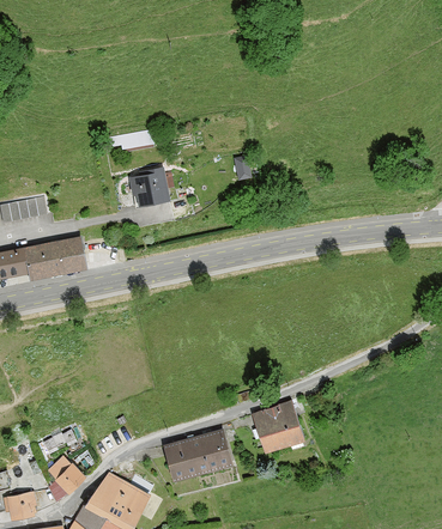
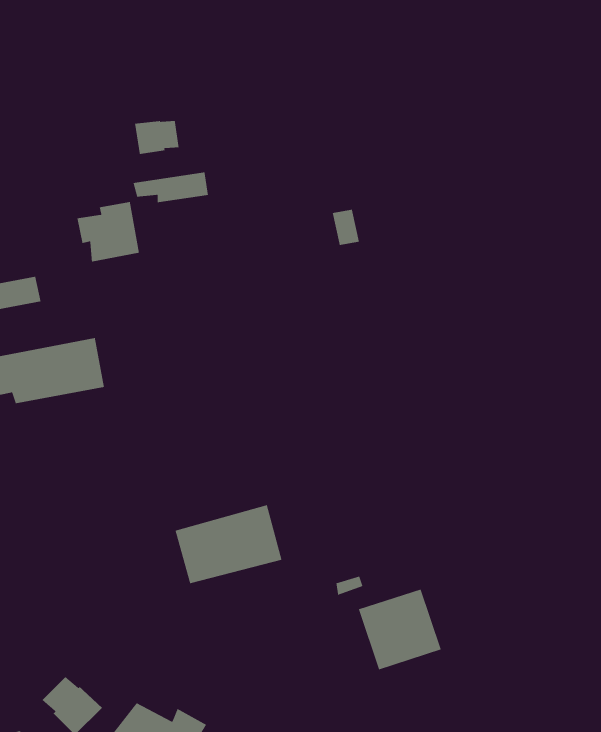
building: none -> [134,120,180,155]
building: [128,169,169,208] -> [76,201,140,263]
building: [163,428,232,480] -> [175,504,283,584]

